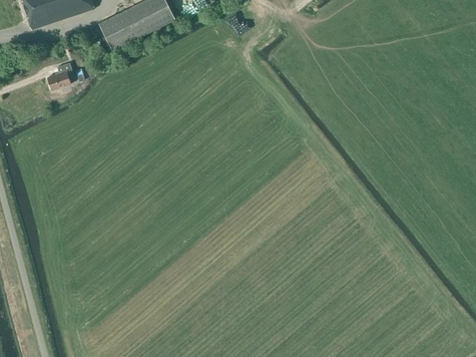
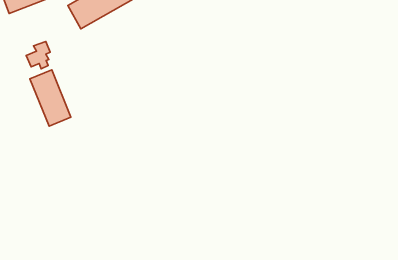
building: none -> [30,70,71,126]

